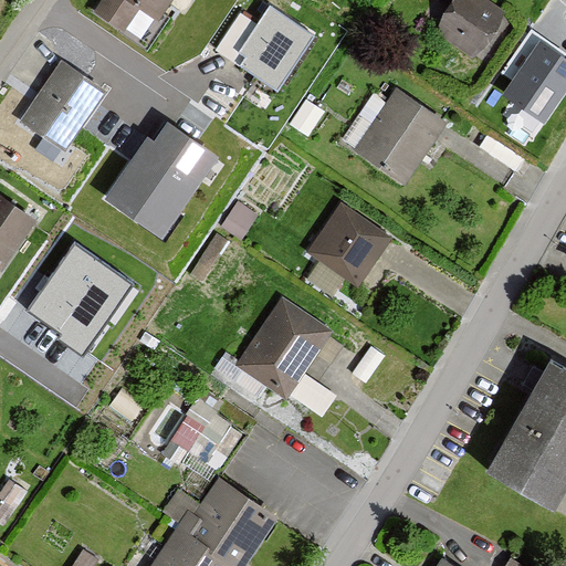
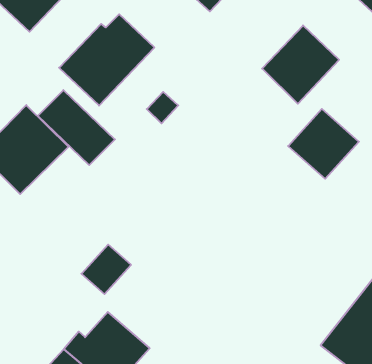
building: [306,205,391,289] -> [288,109,359,179]
building: none -> [38,90,115,165]
building: [237,301,339,422] -> none

